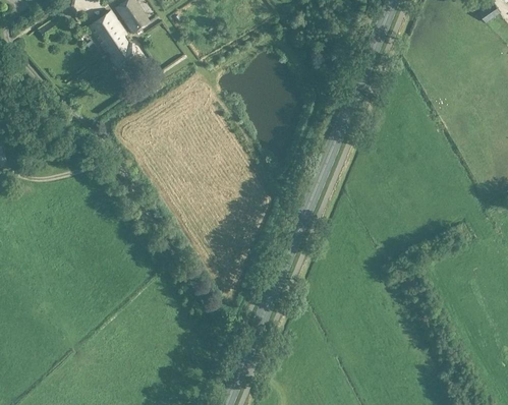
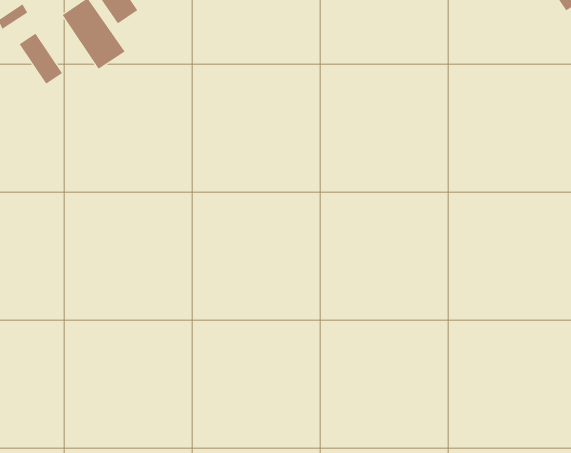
building: none -> [19,33,63,84]

